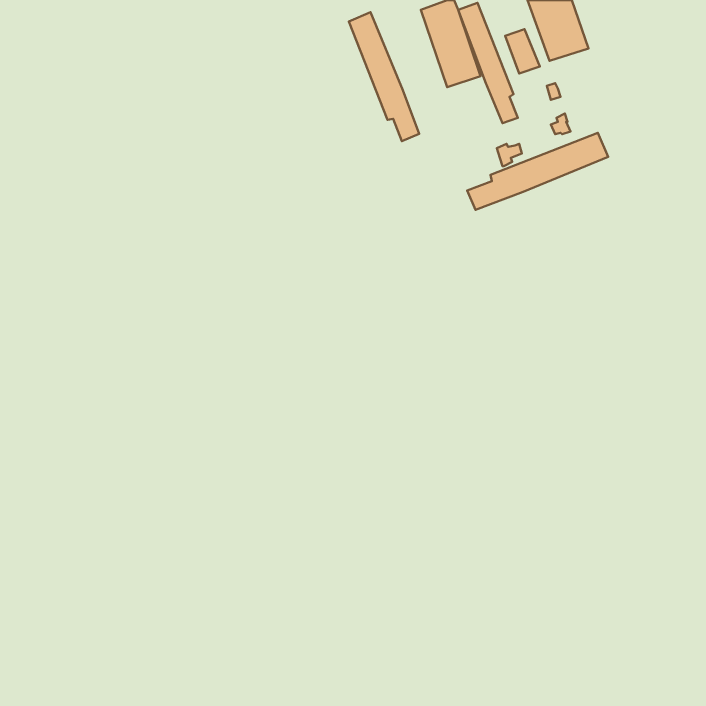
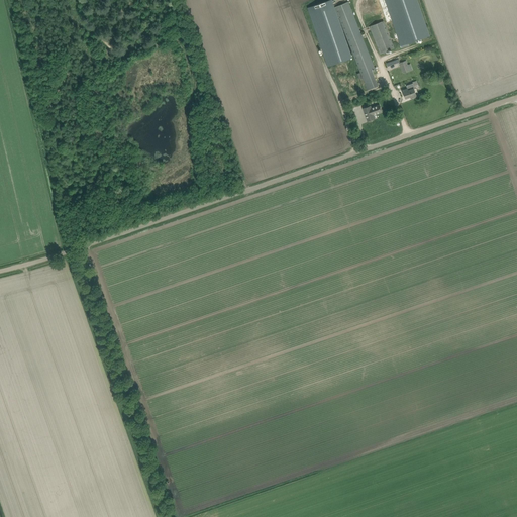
building: [349,12,419,141] -> none
building: [467,133,608,210] -> none

